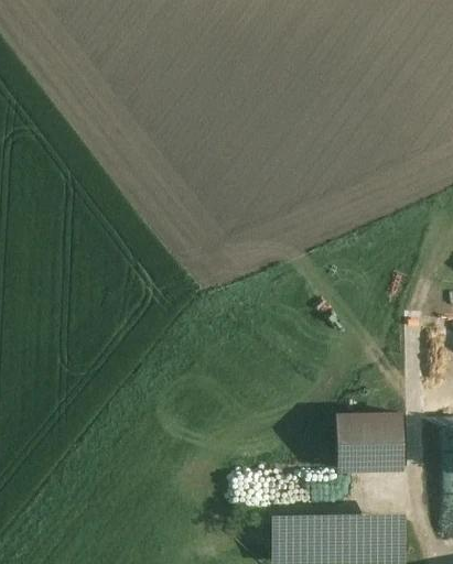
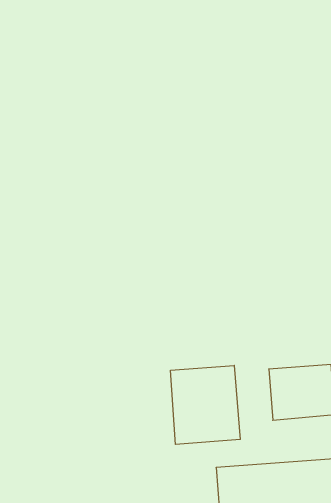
building: none -> [171,365,240,444]

